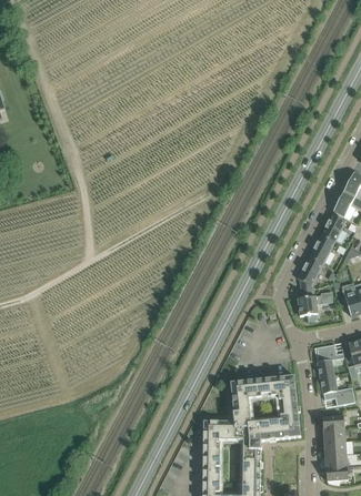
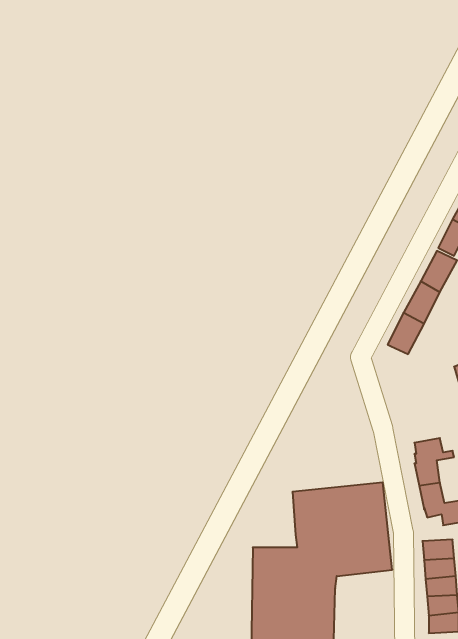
building: [298,280,333,321] -> none

